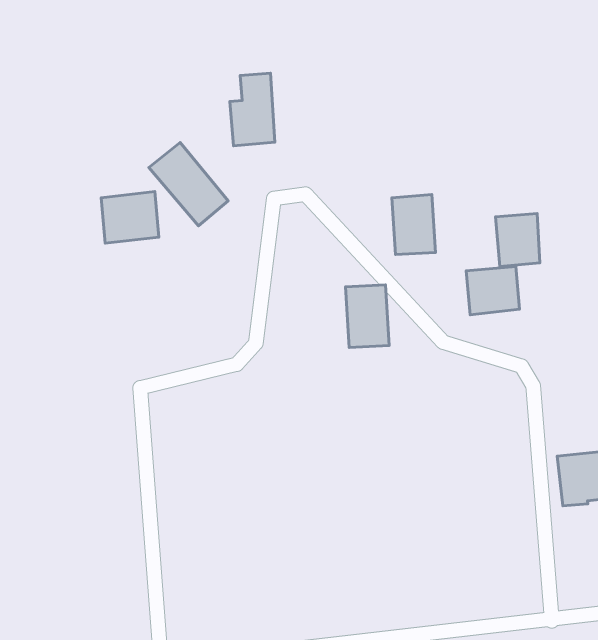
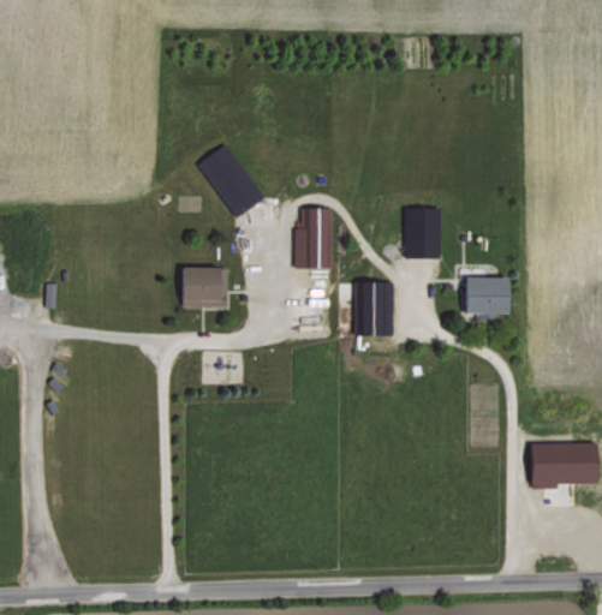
building: [230,73,275,146] -> [296,208,333,268]
building: [101,192,159,243] -> [181,267,228,308]
building: [495,213,540,266] -> none

